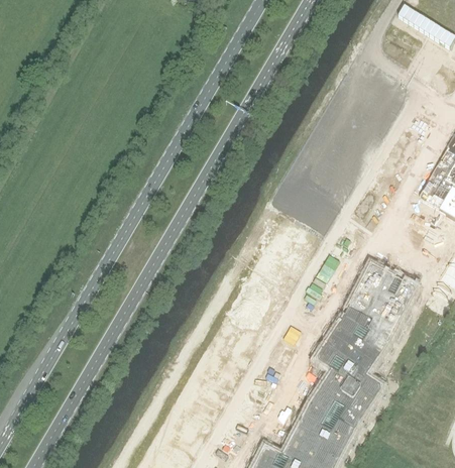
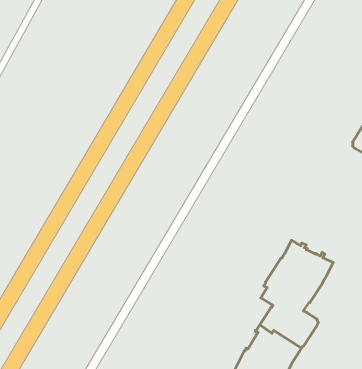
building: [350,268,413,326] -> none

